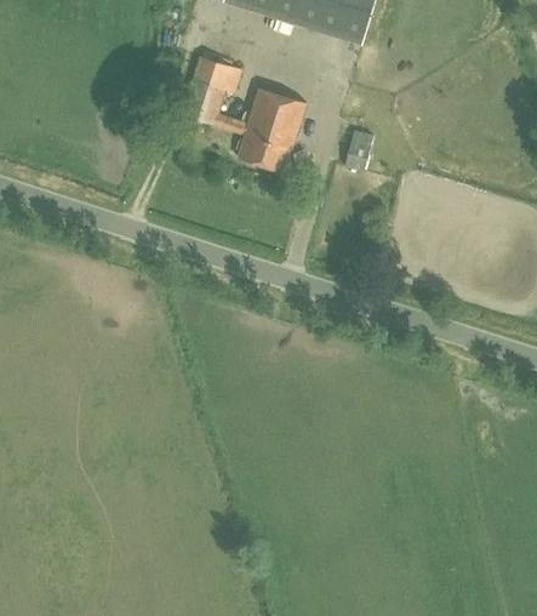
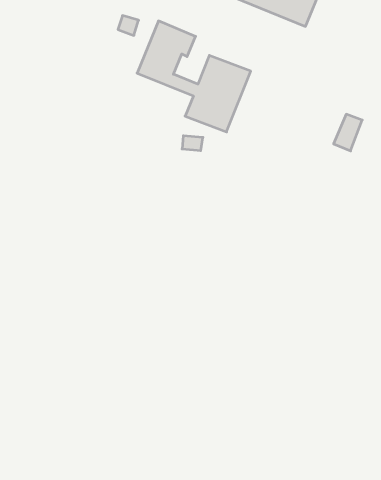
building: [347,130,376,170] -> [334,114,362,151]

